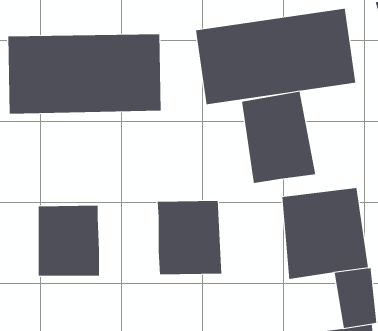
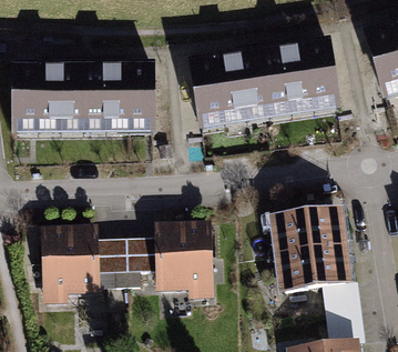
building: [241,91,316,184] -> none
building: none -> [98,240,154,272]

